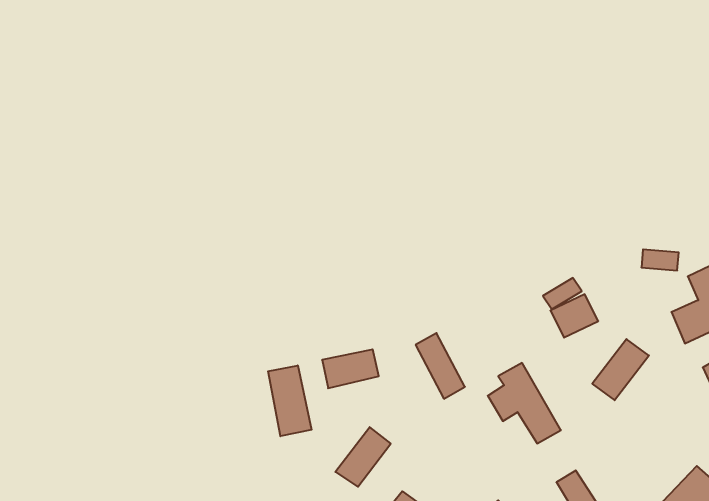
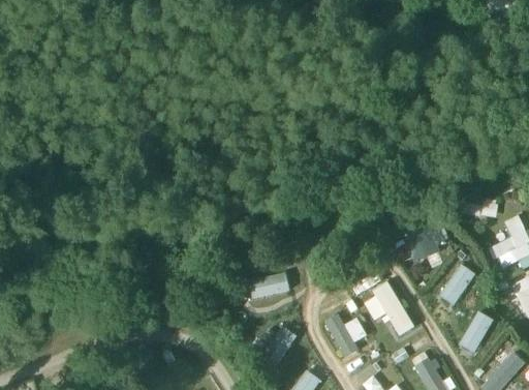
building: [416,333,465,399] -> [324,312,359,358]
building: [268,365,312,436] -> none
building: none -> [458,311,494,354]

